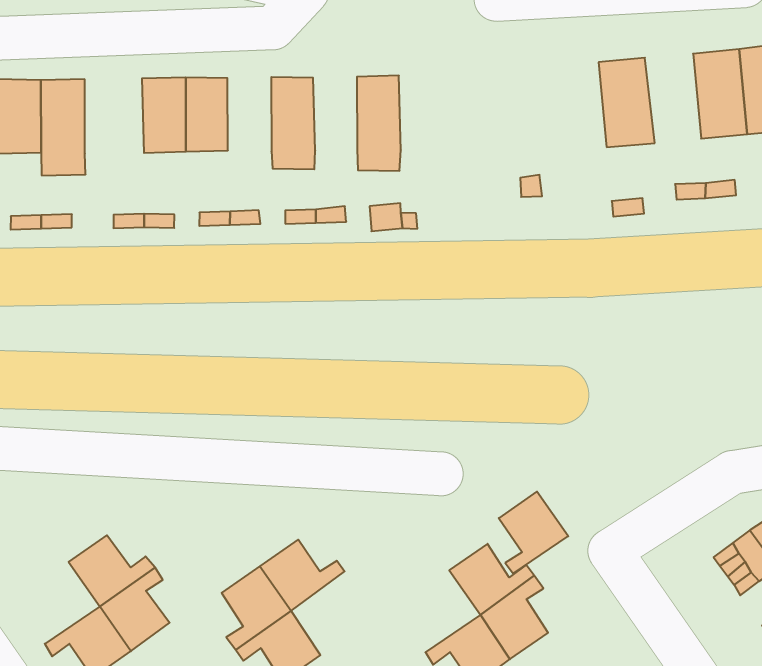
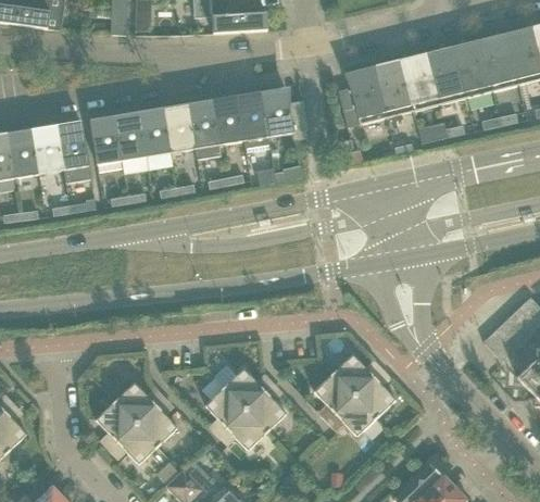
building: none -> [400,54,439,109]
building: none -> [337,67,386,125]
building: none -> [261,88,306,138]
building: none -> [212,97,243,142]
building: none -> [163,104,194,150]
building: none -> [89,116,122,162]
building: [499,492,568,574] -> [313,371,354,419]
building: none -> [95,399,136,448]
building: none -> [246,380,286,430]

